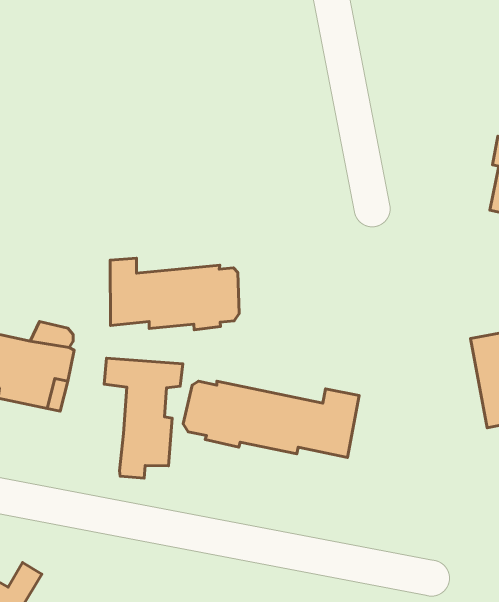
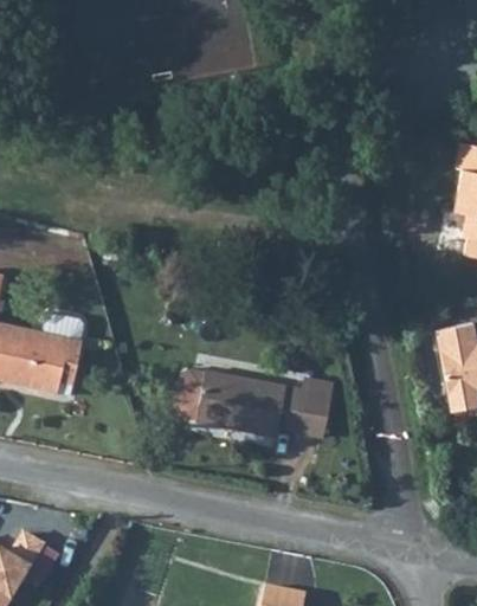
building: [110,258,239,330] -> none
building: [104,358,183,478] -> none

